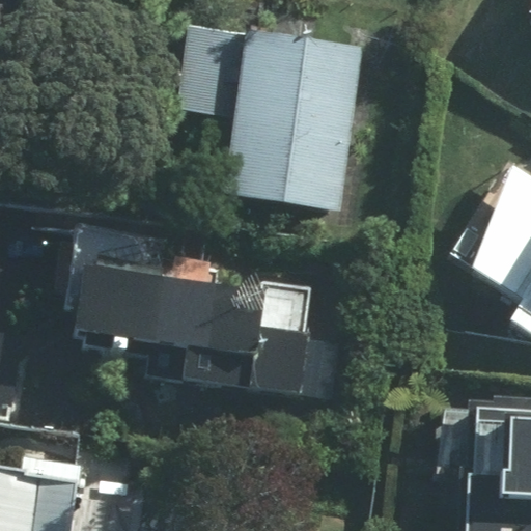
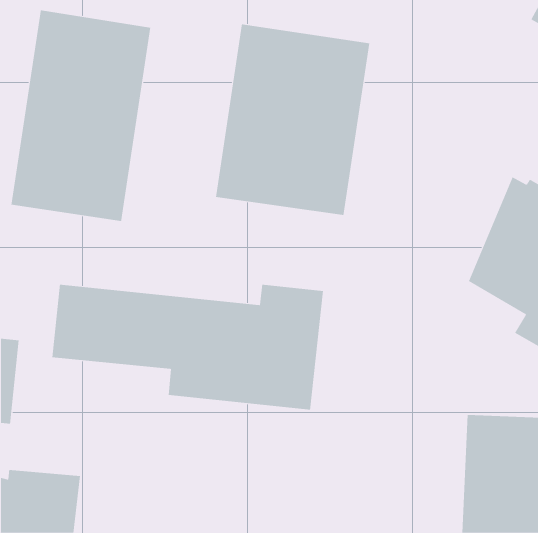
building: none -> [11,9,151,222]

